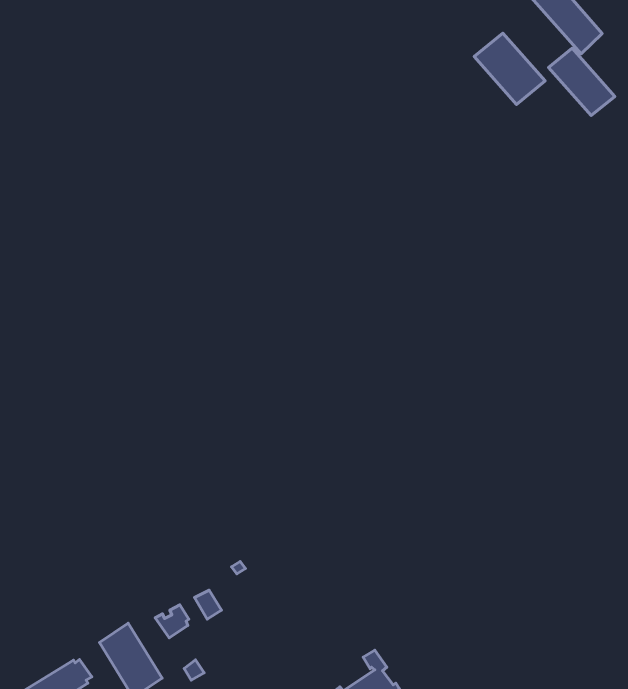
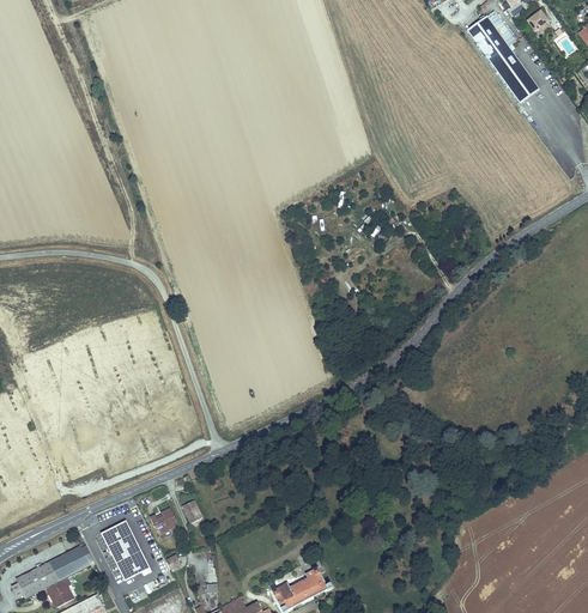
building: [474,33,545,104] -> none
building: [548,48,615,116] -> none

